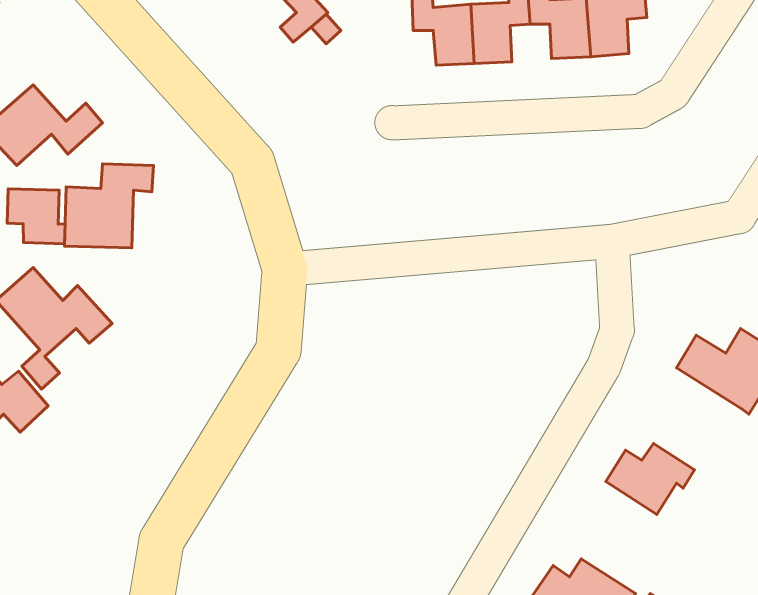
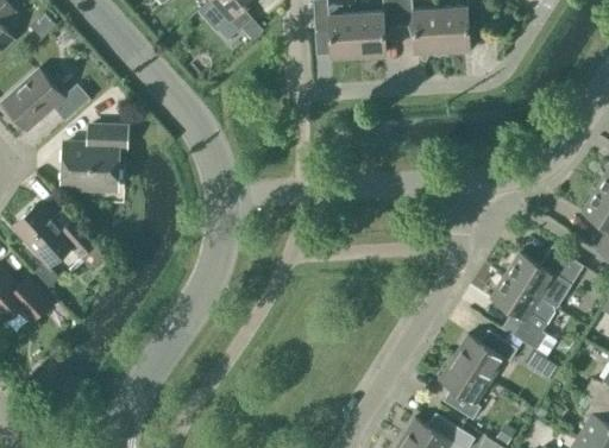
building: [7,189,65,244] -> none
building: none -> [489,276,554,351]
building: none -> [438,358,490,421]

